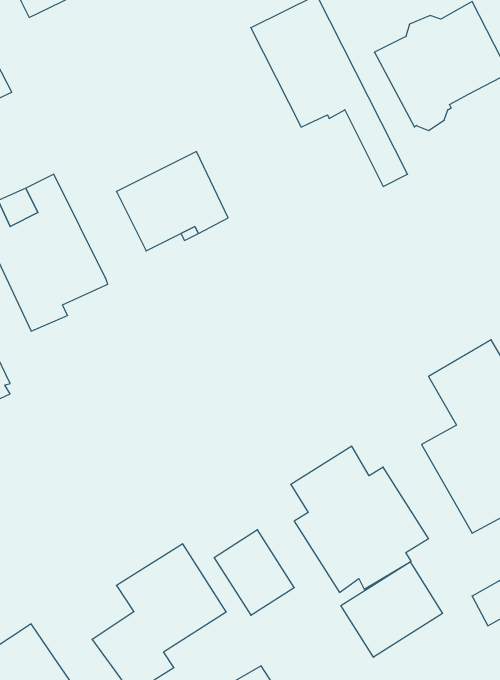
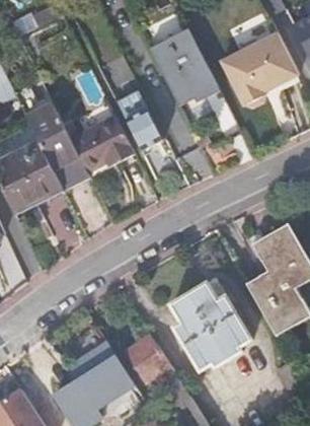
building: none -> [115,91,161,150]
building: none -> [25,101,89,188]
building: [341,562,443,657] -> none

